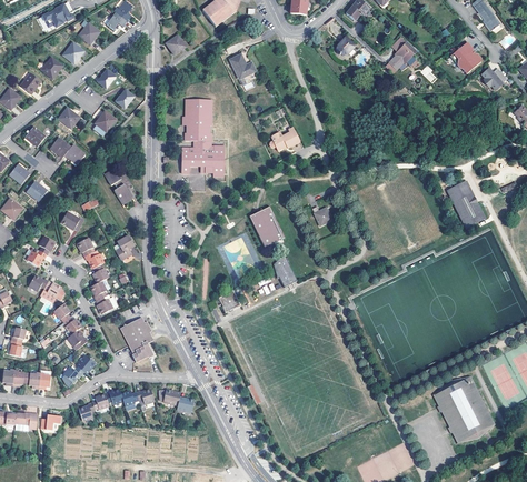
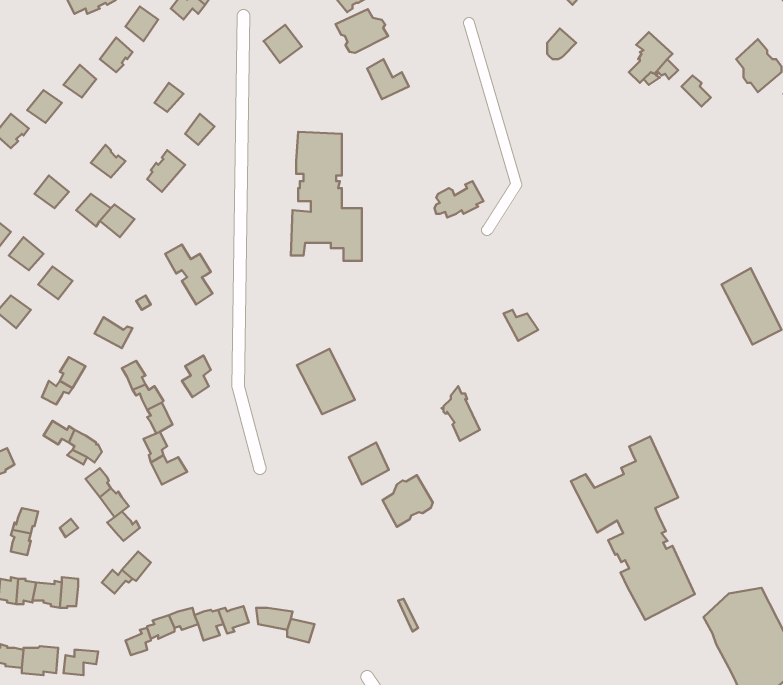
building: none -> [335,9,388,53]
building: [249,207,285,247] -> [297,349,355,414]
building: none -> [571,437,695,620]
building: none -> [383,475,433,527]
building: [121,315,155,360] -> none

